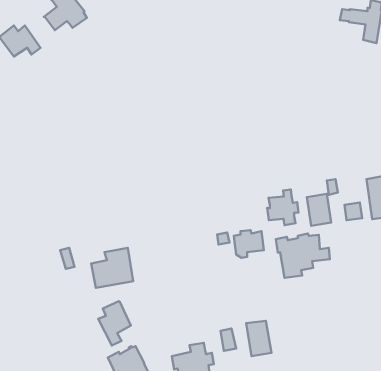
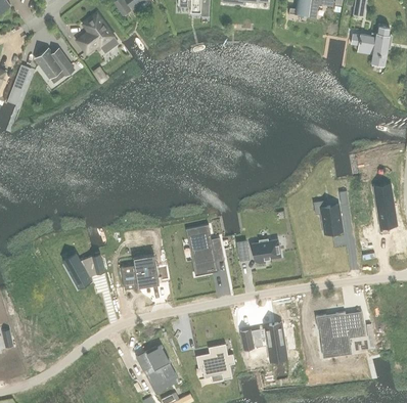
building: [267,190,298,225] -> none
building: none -> [189,232,221,275]
building: [276,234,330,278] -> [314,311,364,352]
building: none -> [62,256,91,289]
building: [98,301,131,346] -> none

